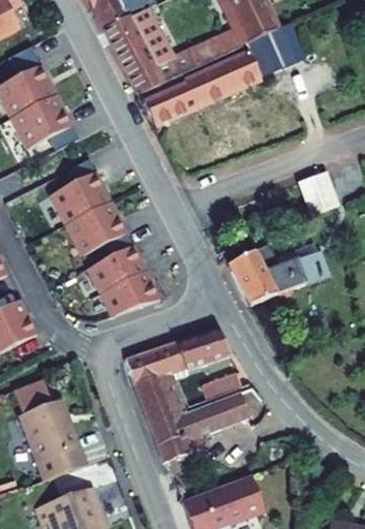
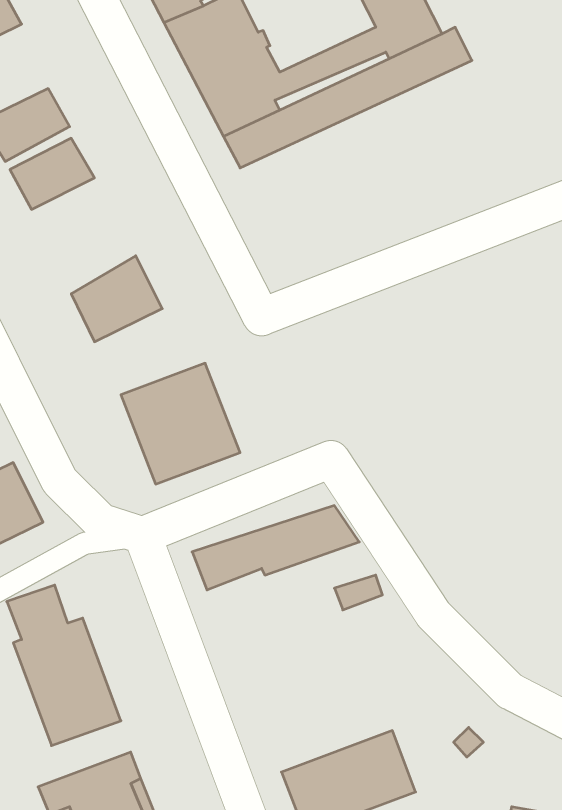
building: [303,167,345,213] -> none
building: [66,207,125,257] -> none
building: [227,241,329,306] -> none
building: [136,369,252,463] -> none

